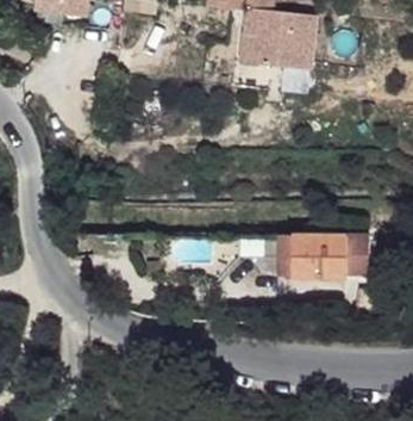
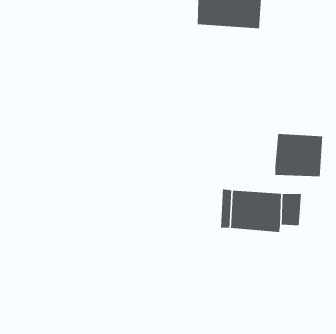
building: none -> [275,133,323,177]

